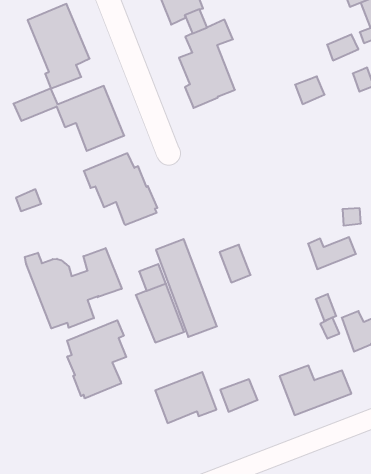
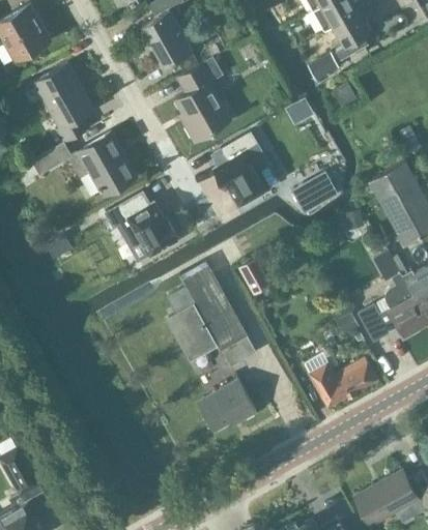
building: none -> [213,132,268,207]
building: [308,237,356,269] -> [292,179,337,212]
building: [25,248,122,328] -> none
building: [67,320,126,398] -> none
building: [220,379,258,412] -> [221,336,256,369]

